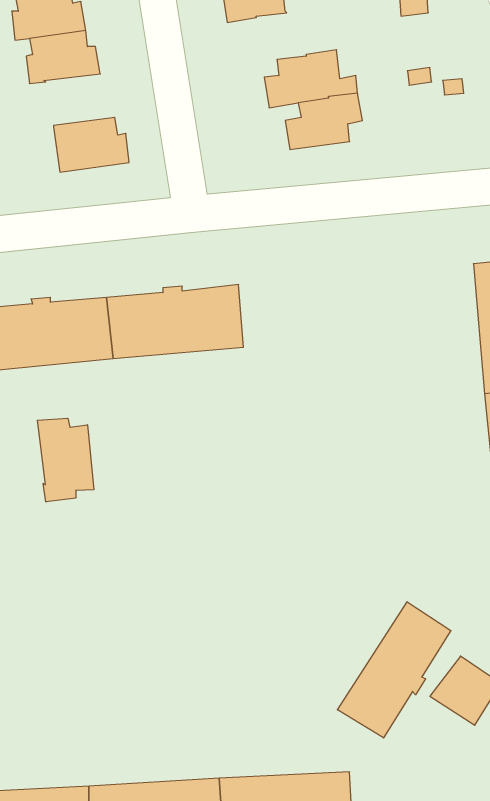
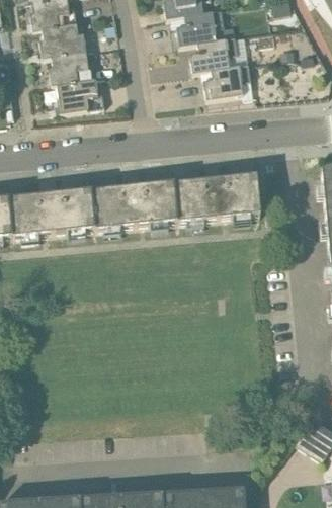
building: none -> [176,7,224,44]
building: none -> [49,49,95,82]
building: none -> [173,174,260,221]
building: [37,418,94,502] -> none
building: [337,602,451,738] -> none

